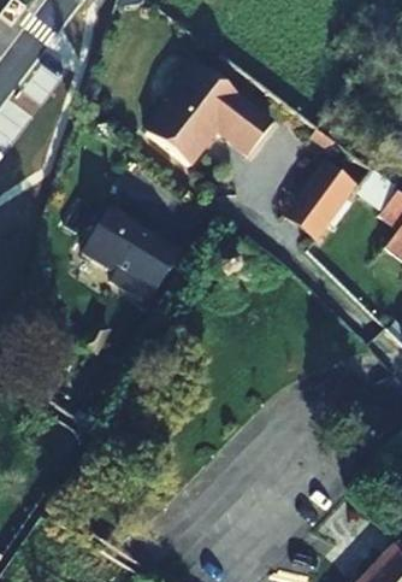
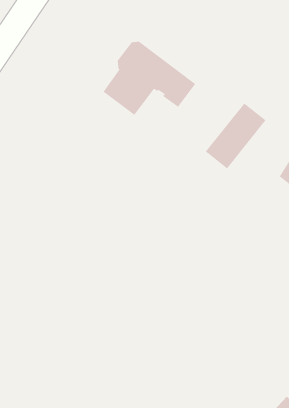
building: [79,204,179,300] -> none

